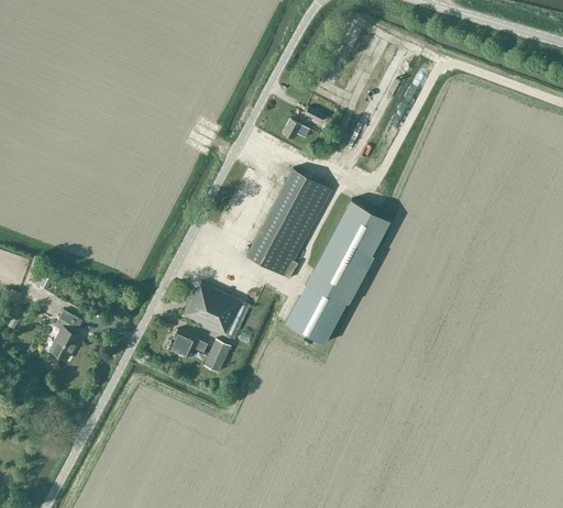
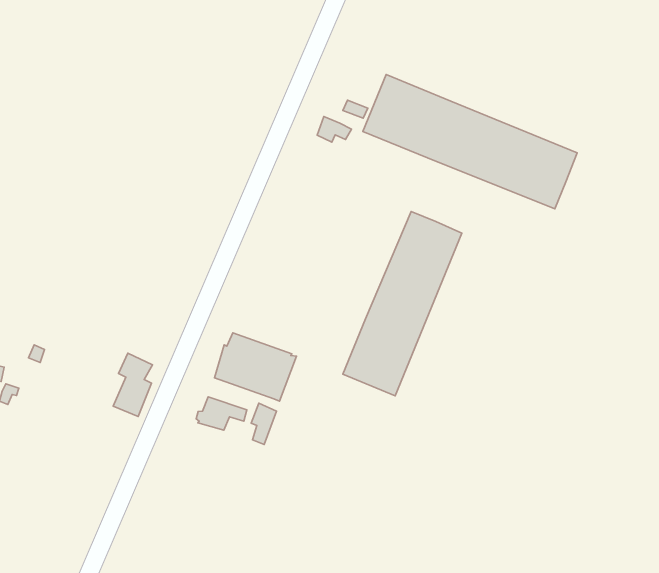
building: none -> [363,74,577,209]
building: [246,169,332,279] -> none
building: [48,311,82,362] -> [113,353,153,416]

